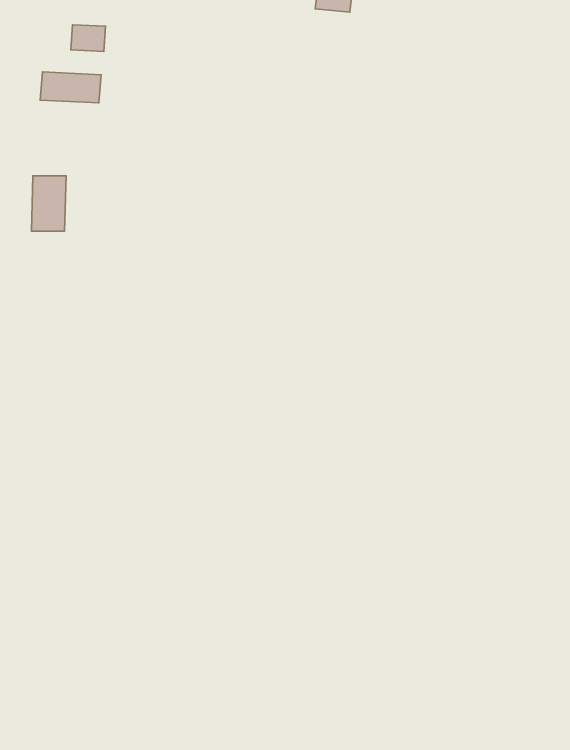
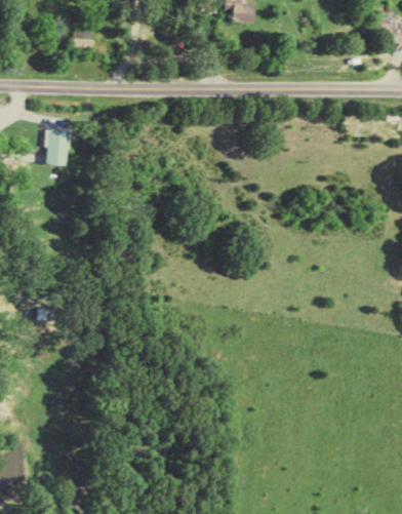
building: [40,72,101,103] -> none

